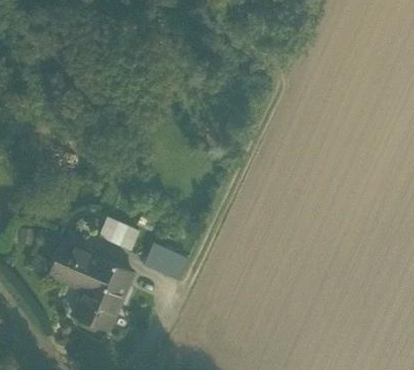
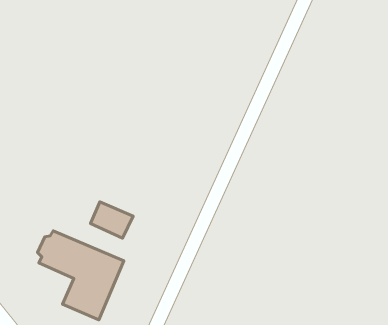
building: [143,245,187,280] -> none

